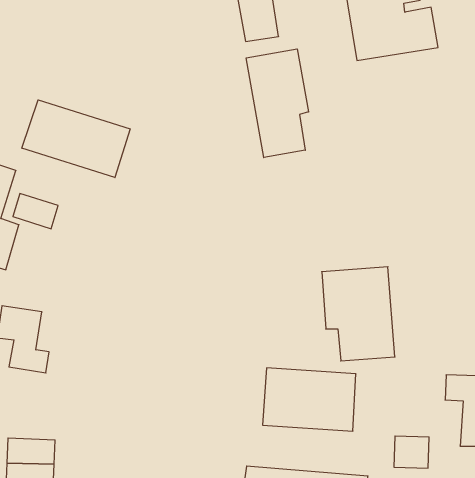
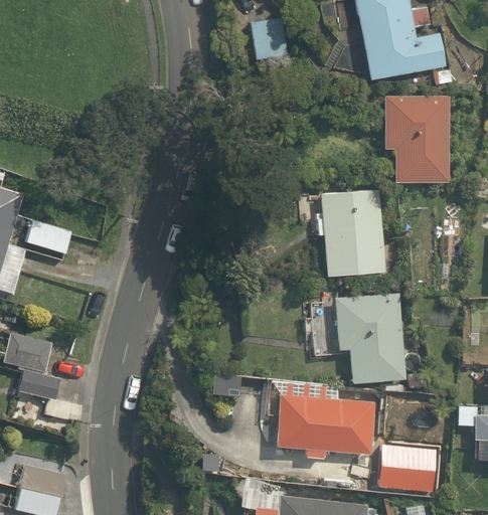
building: [246,49,309,158] -> none
building: none -> [379,94,449,184]
building: [22,100,130,178] -> none
building: none -> [314,189,382,277]

